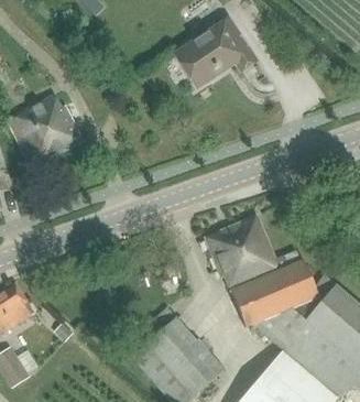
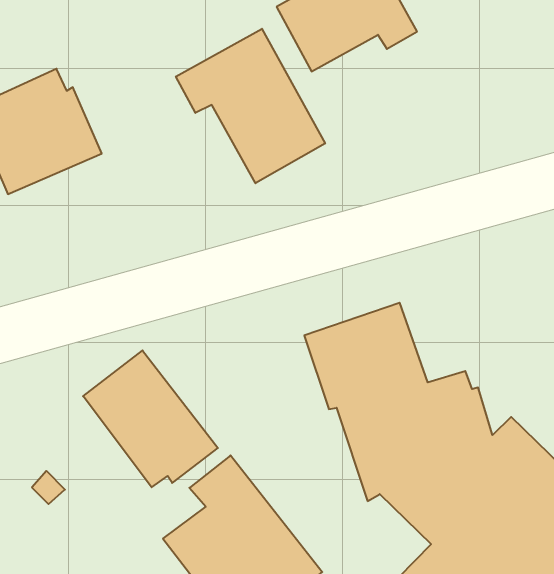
building: none -> [176,29,325,183]
building: none -> [83,350,218,487]

